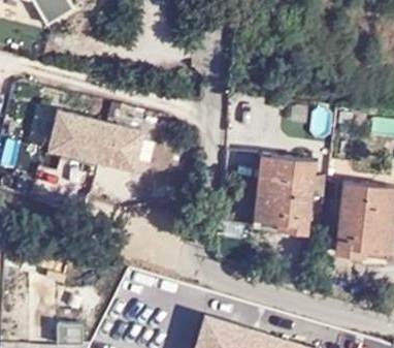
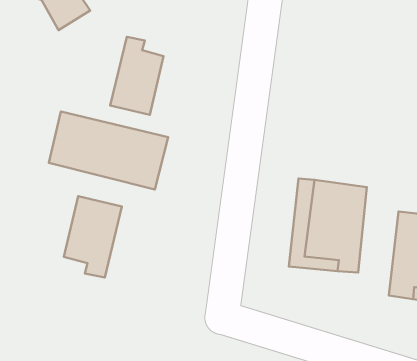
building: none -> [110,37,164,115]
building: none -> [64,196,122,278]

